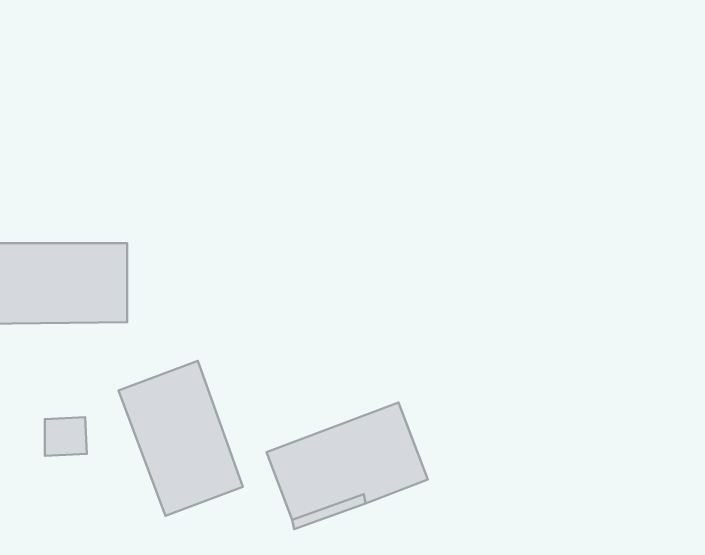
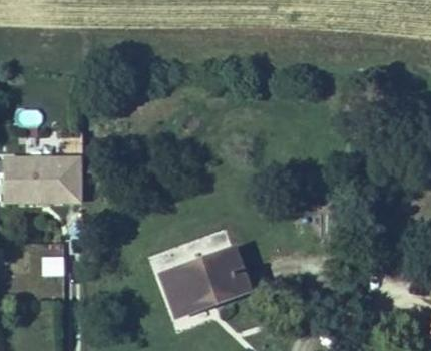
building: [118,361,243,516] -> none

